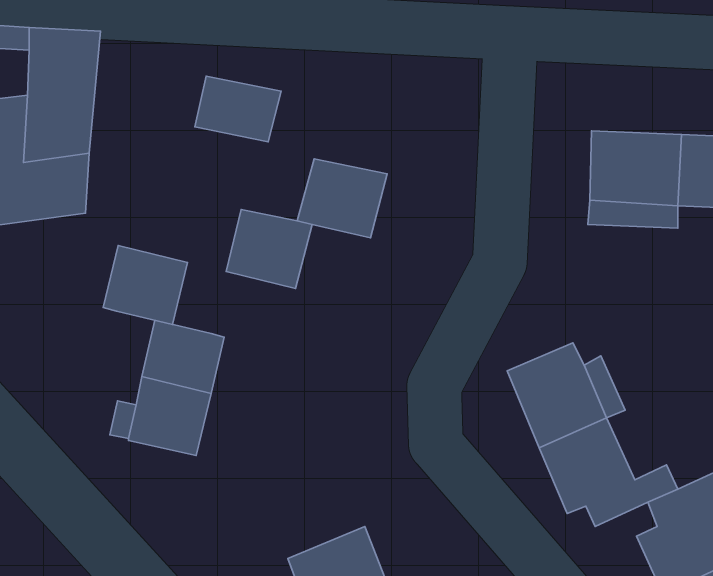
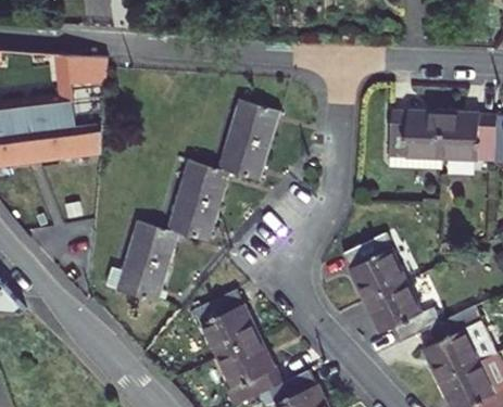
building: [195,76,281,142] -> [231,100,281,138]
building: [103,246,188,324] -> [172,194,221,240]
building: none -> [199,298,261,360]

